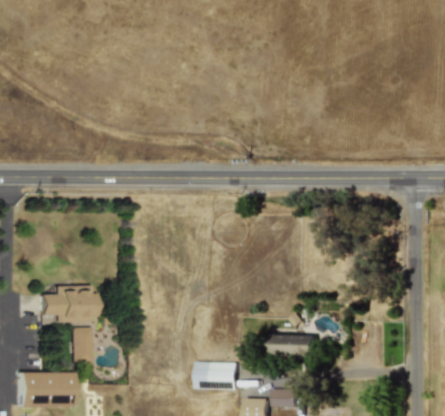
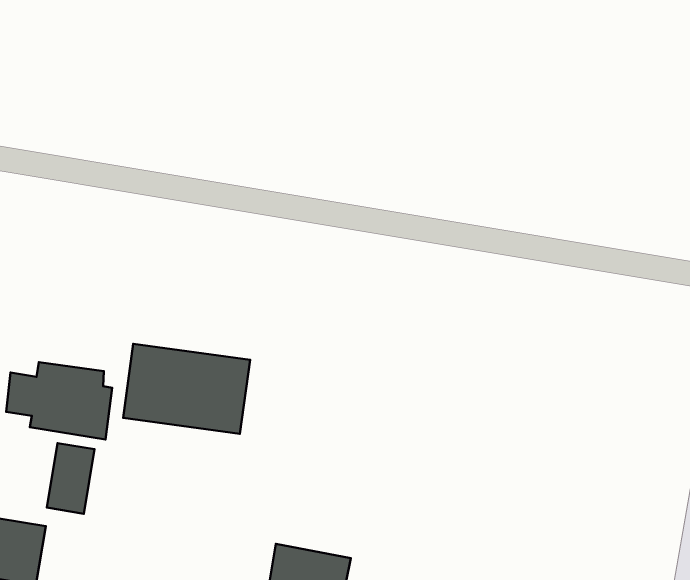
building: none -> [123,344,250,434]
building: [274,334,318,355] -> none

